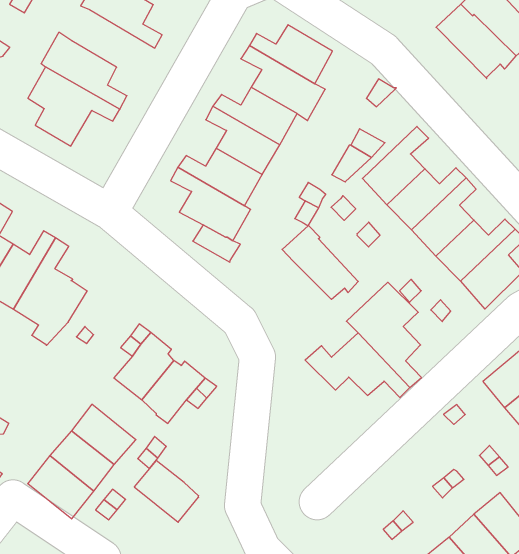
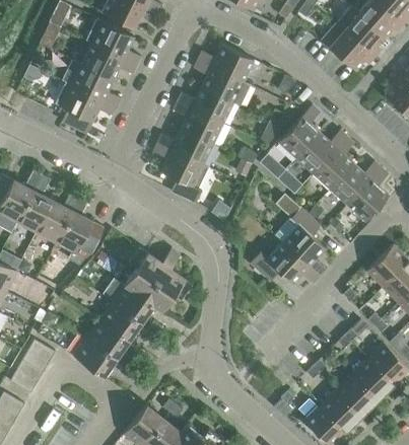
building: none -> [81,44,136,80]
building: [282,225,358,299] -> none
building: [134,460,199,522] -> [111,284,153,323]

